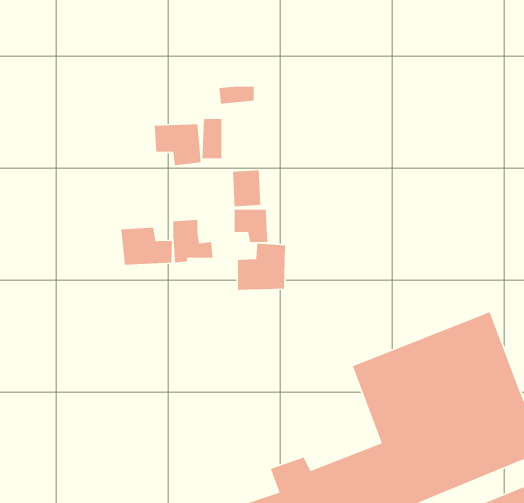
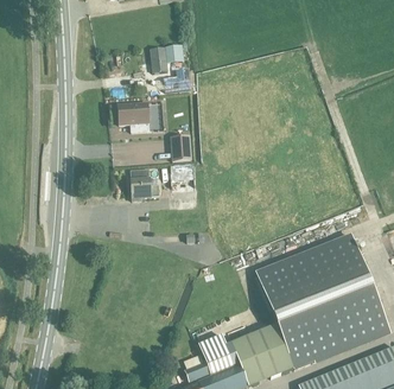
building: none -> [151,45,180,71]
building: [121,227,173,265] -> none
building: [237,243,286,290] -> none

